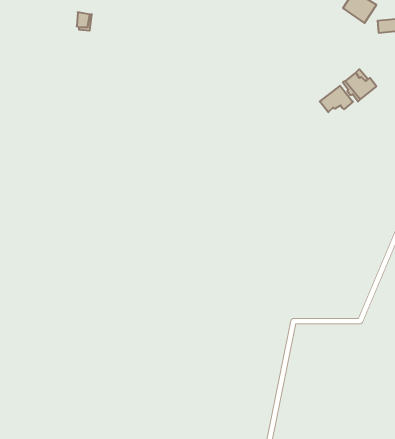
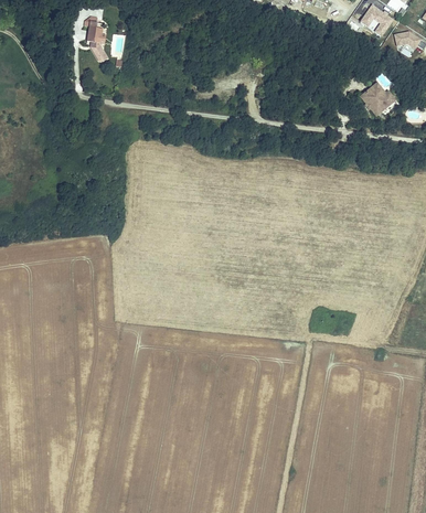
building: [320,86,353,112] -> none

